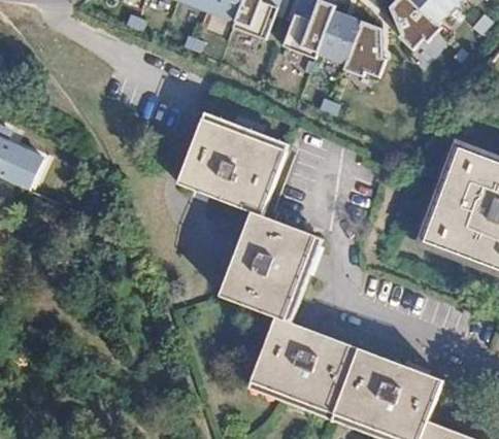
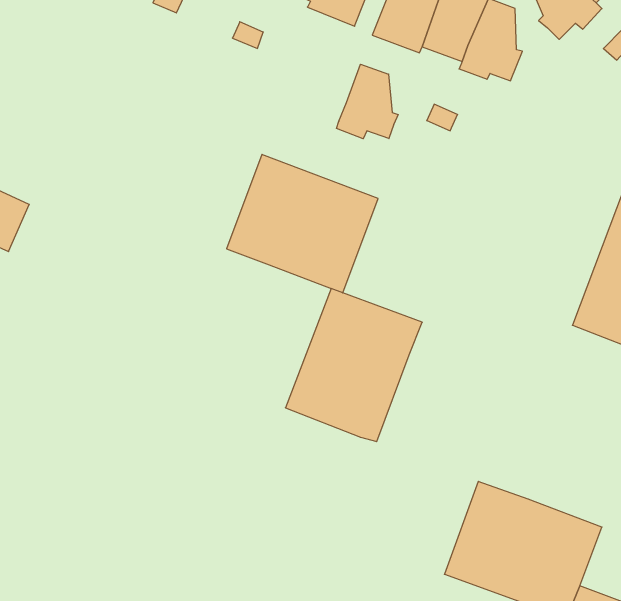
building: none -> [337,64,398,139]
building: [249,322,356,417] -> none

